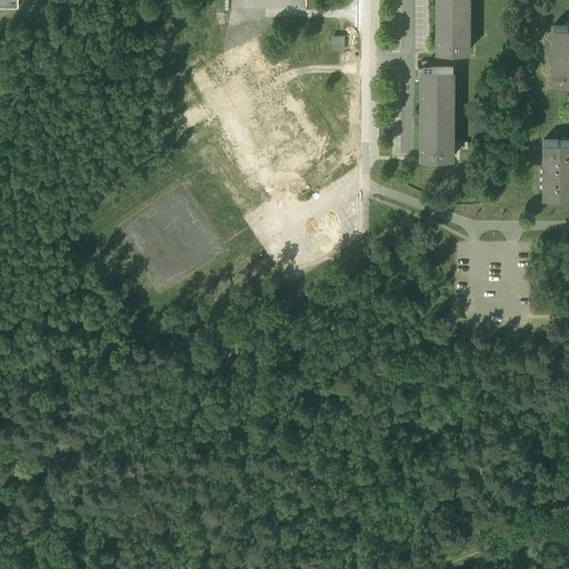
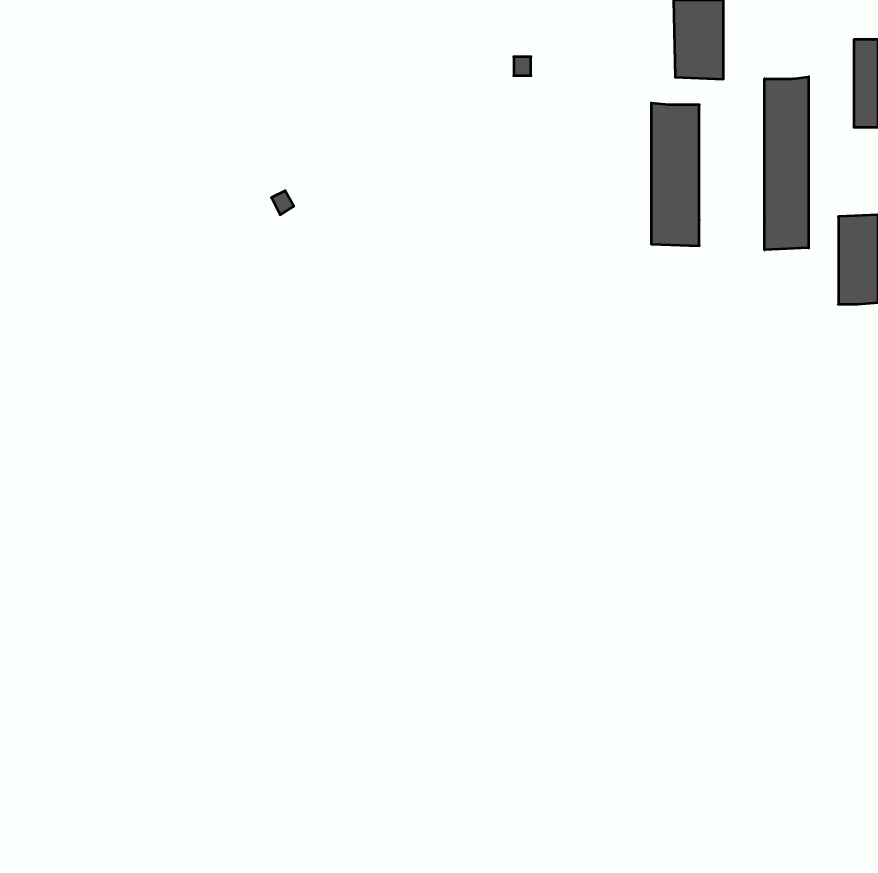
building: none -> [765,77,809,250]

